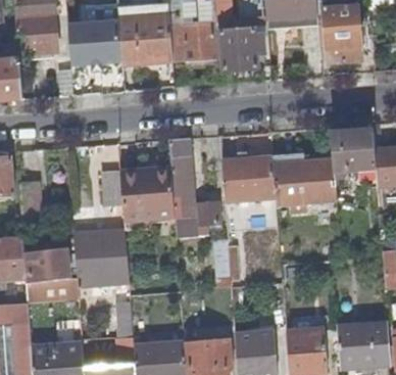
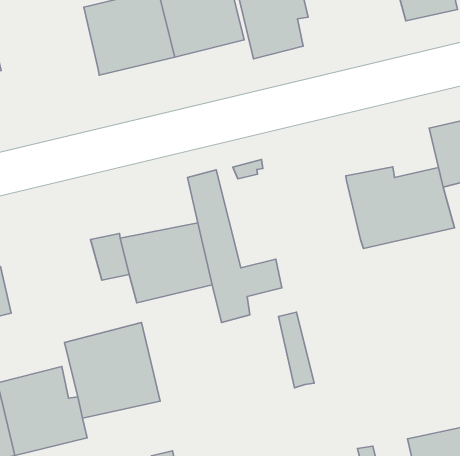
building: [67,18,122,64] -> none
building: [221,158,276,201] -> none

